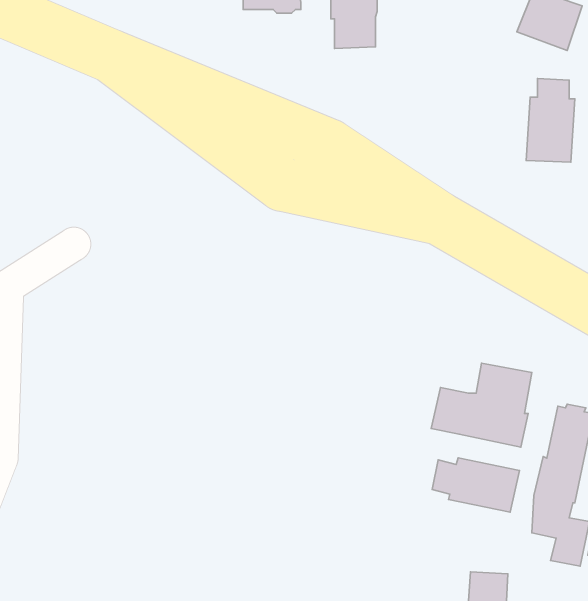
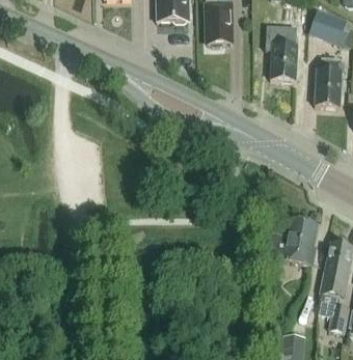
building: none -> [271,33,297,80]
building: [432,458,520,512] -> none

